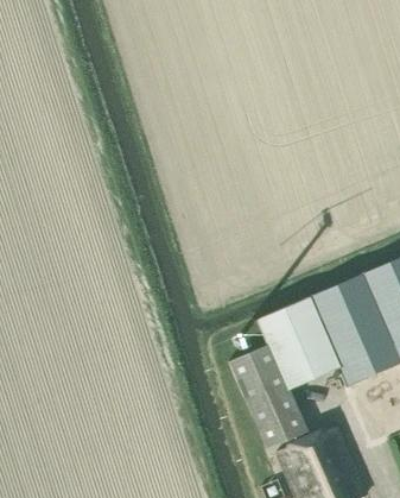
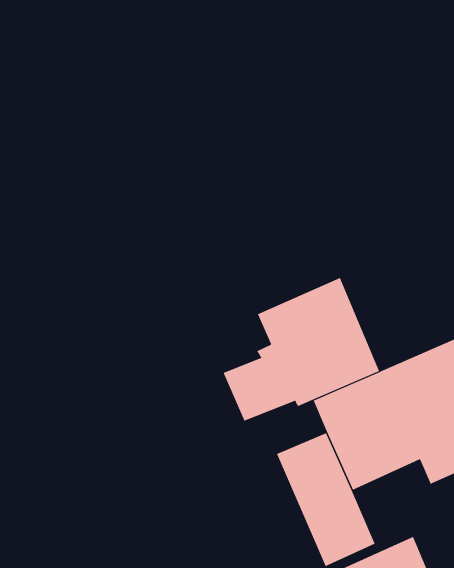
building: none -> [223,277,380,422]

